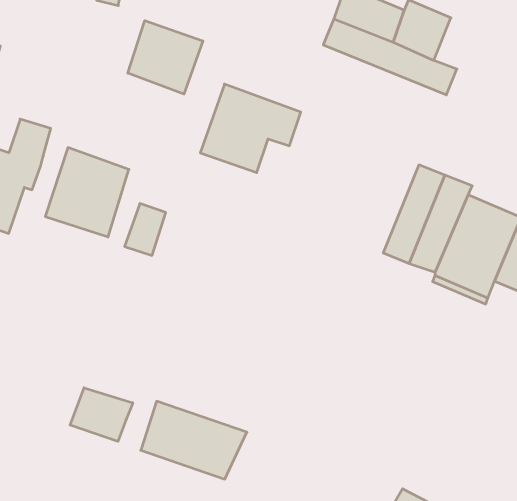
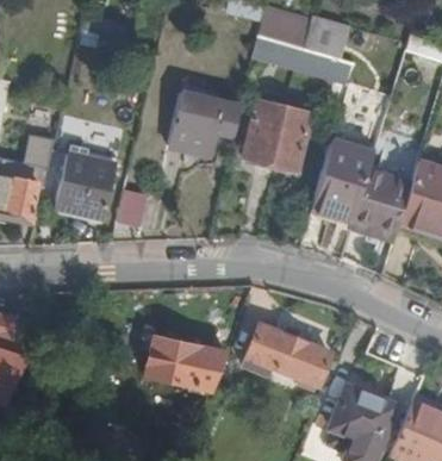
building: [128,21,203,94] -> none
building: none -> [244,100,312,169]
building: [70,388,133,441] -> none
building: none -> [248,326,331,386]

